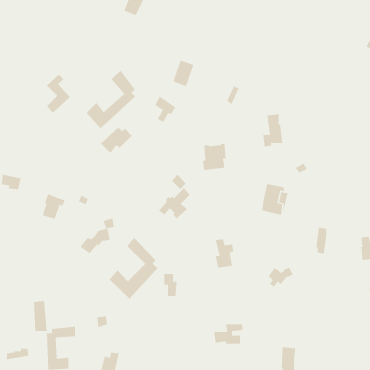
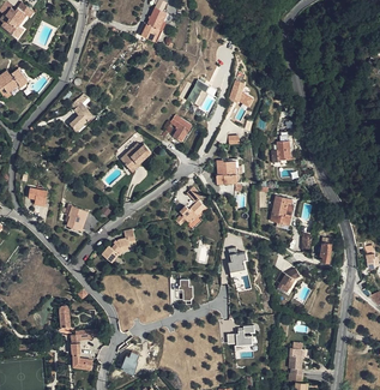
building: [86,70,136,129] -> none
building: [109,237,158,299] -> none

